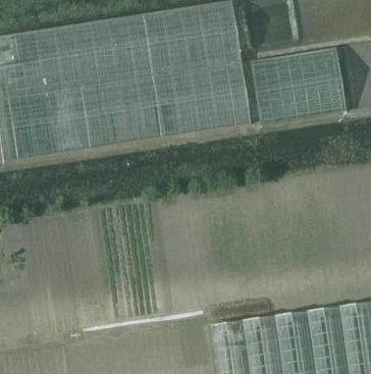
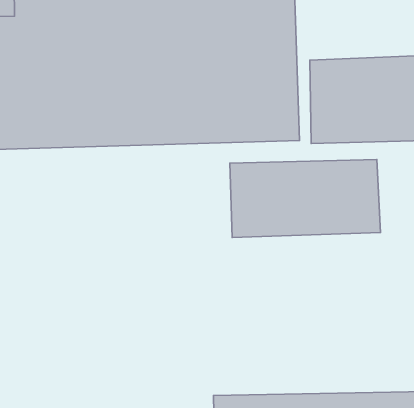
building: none -> [230,159,380,238]

